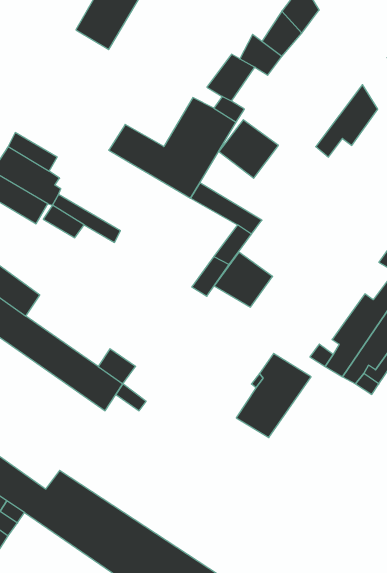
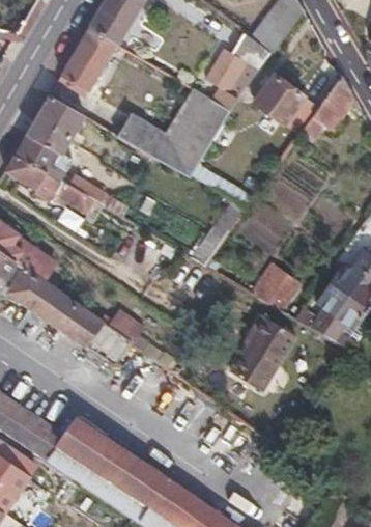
building: none -> [57,28,117,98]
building: none -> [34,95,86,141]
building: [219,120,278,178] -> [252,74,305,126]
building: [214,252,273,307] -> [250,262,302,311]

